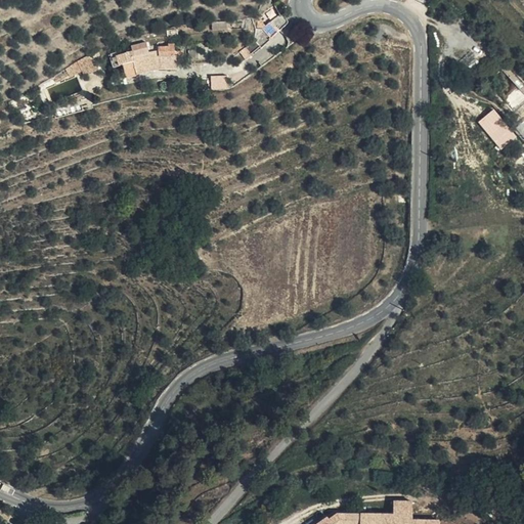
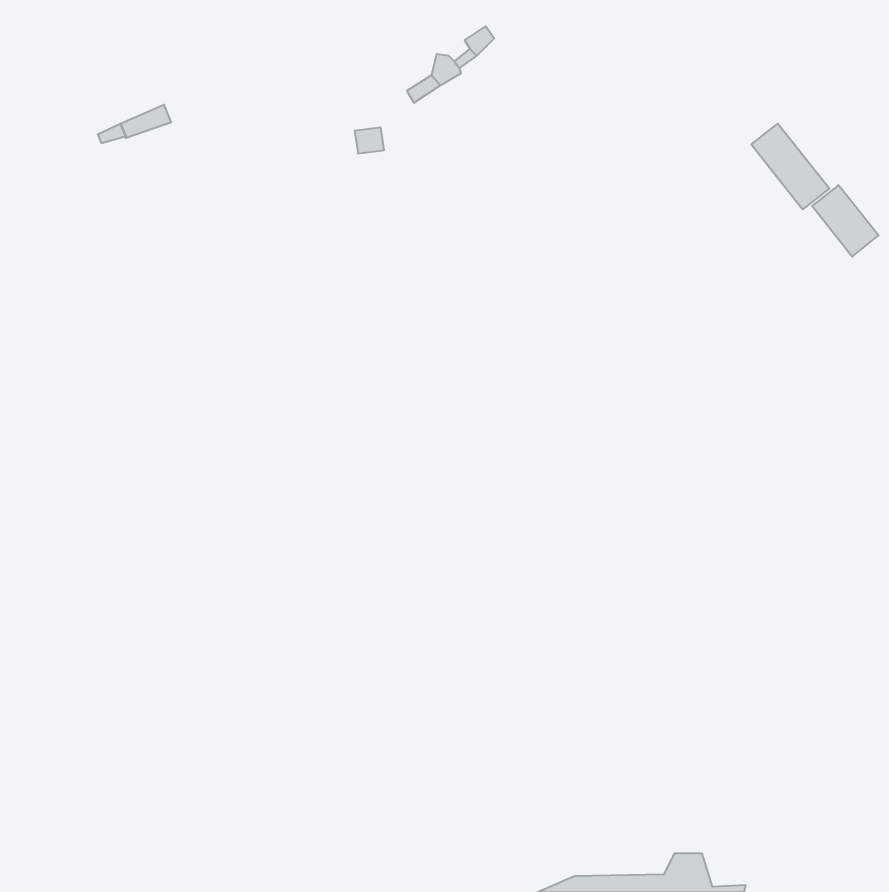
building: [115,49,180,77] -> none
building: none -> [751,124,829,209]

